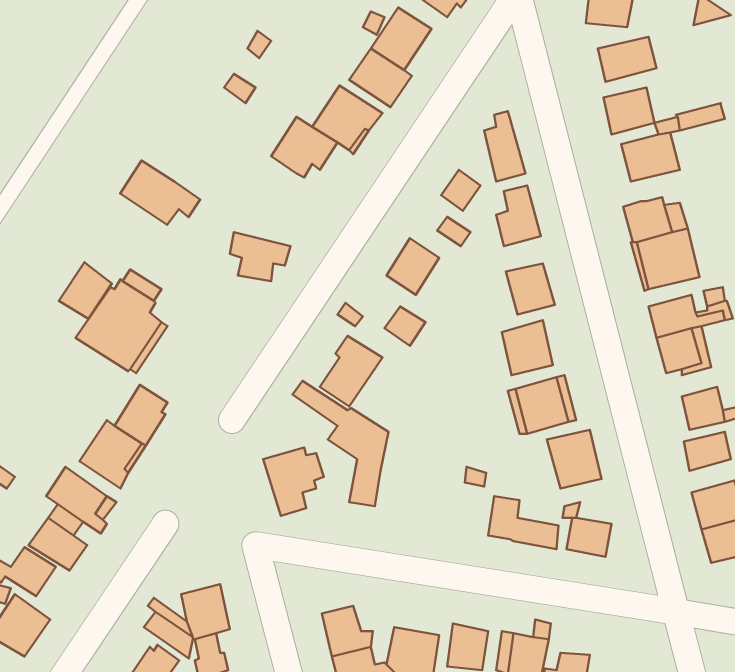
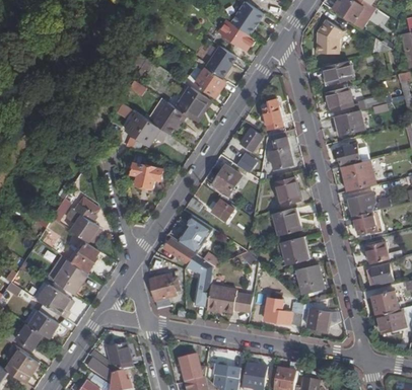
building: [120,160,200,225] -> [124,110,165,144]
building: [59,262,112,319] -> none
building: none -> [206,285,252,308]

